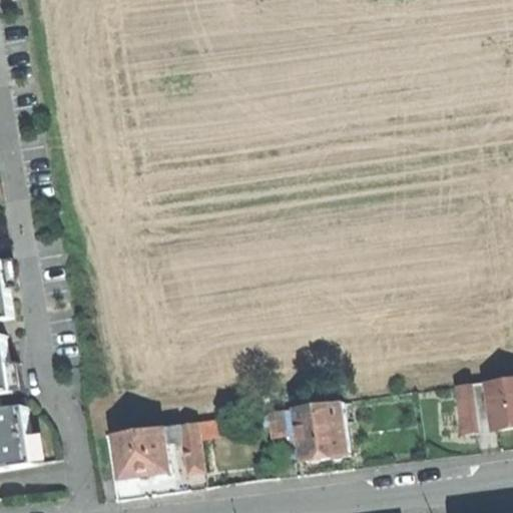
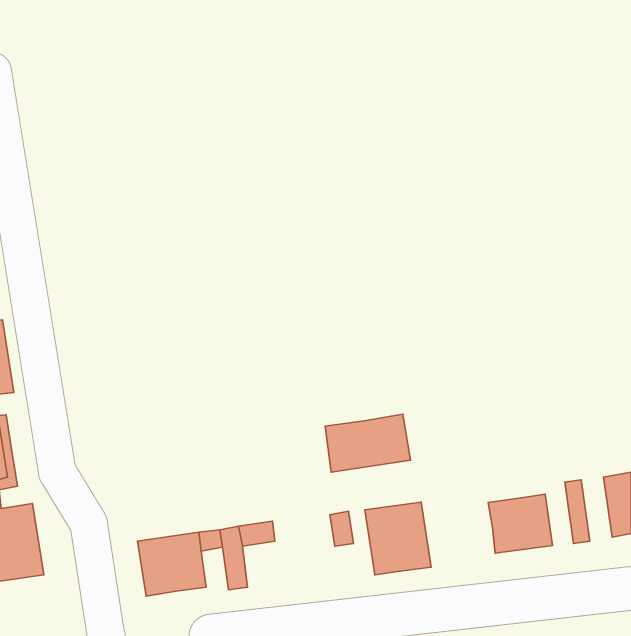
building: none -> [325,414,410,472]
building: none -> [488,494,553,553]

